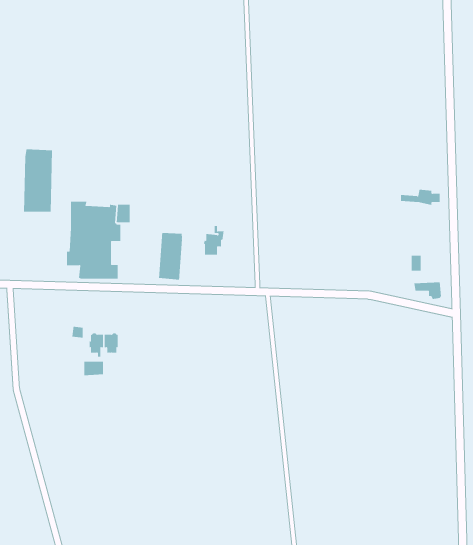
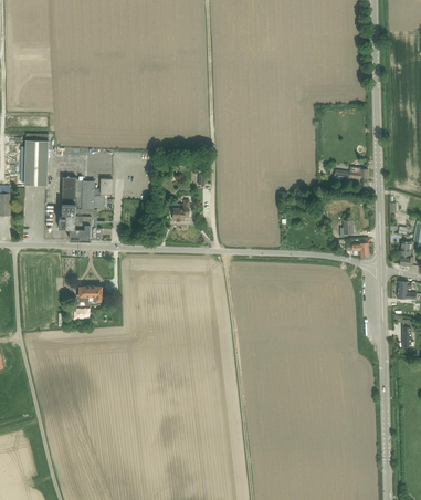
building: [158,232,182,280] -> none

